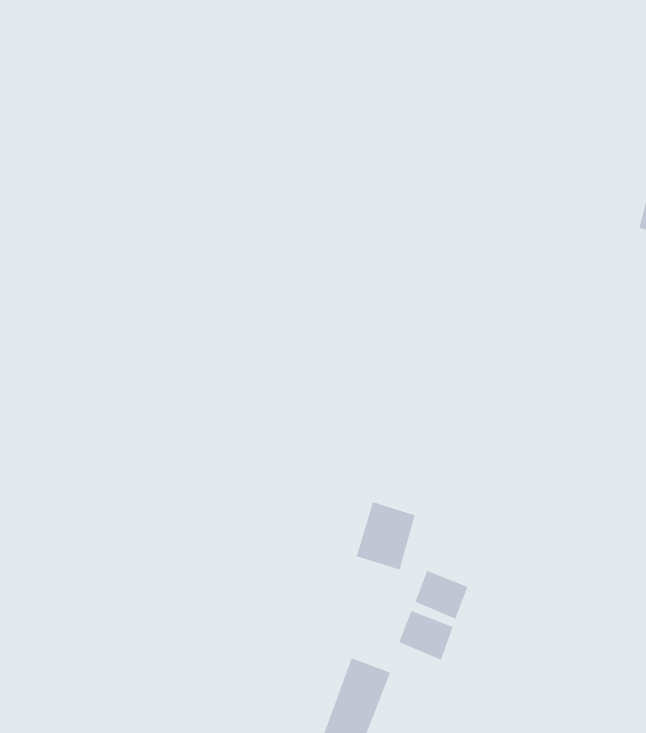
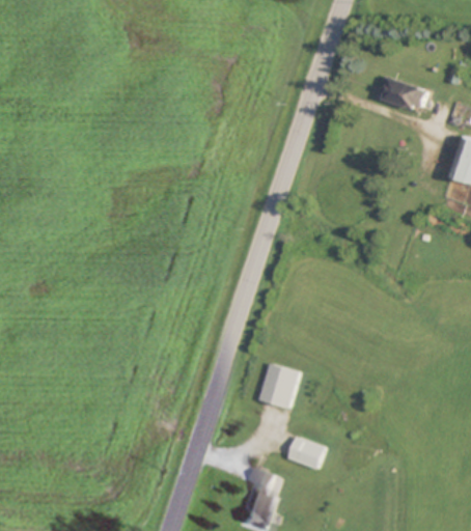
building: none -> [382,76,432,112]
building: [415,570,468,620] -> none

